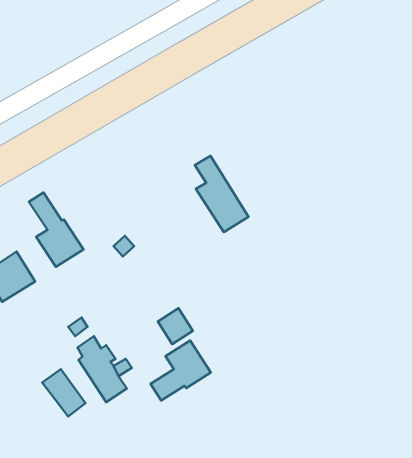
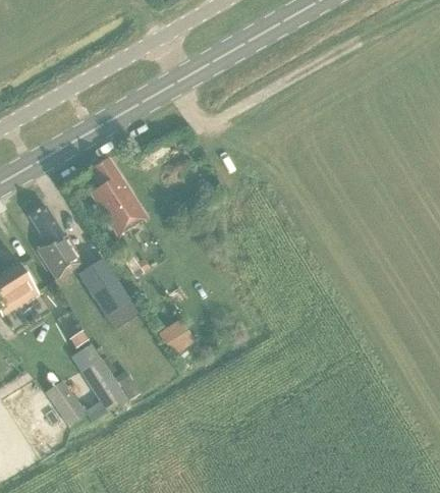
building: [195,156,248,232] -> [93,159,146,234]
building: none -> [77,258,130,316]
building: [151,340,211,400] -> none

